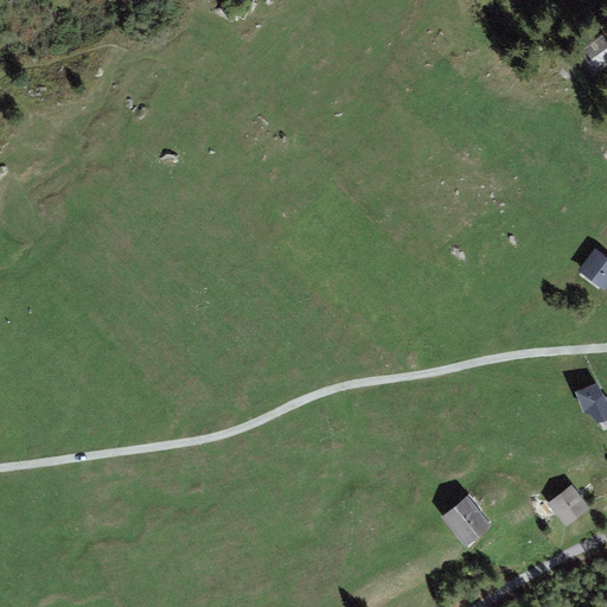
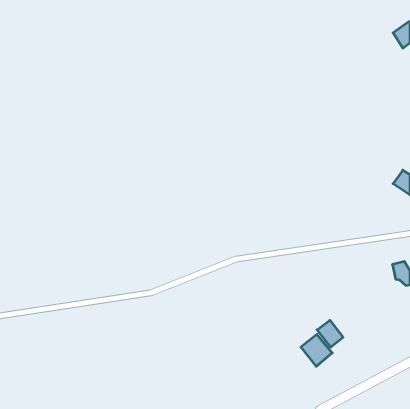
building: none -> [317,320,343,347]
building: [548,485,588,525] -> none

